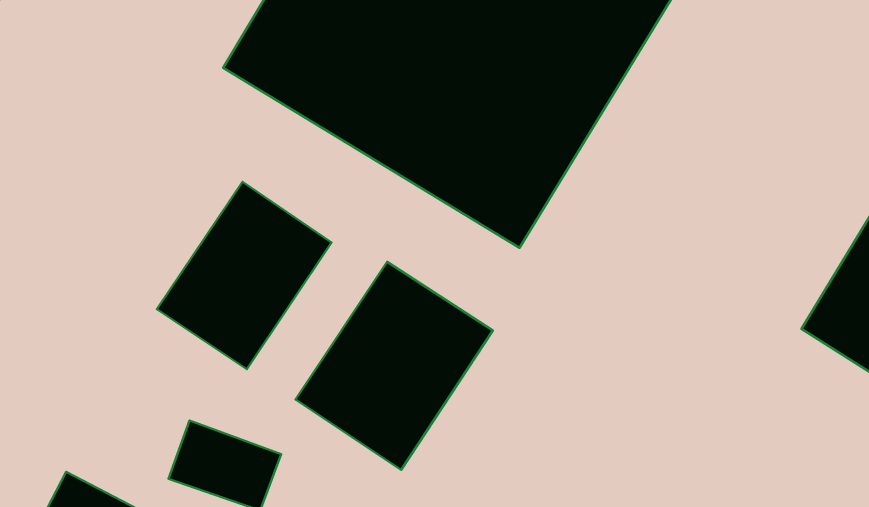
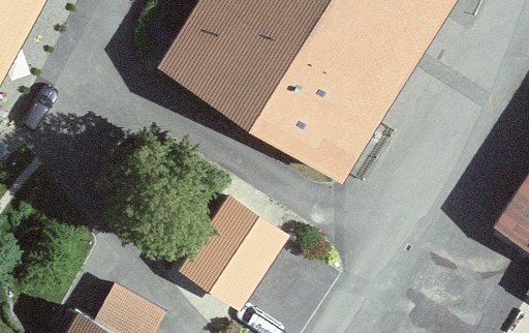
building: [157,182,331,369] -> none

